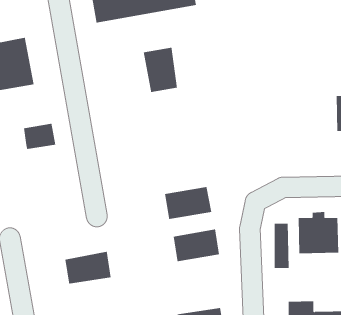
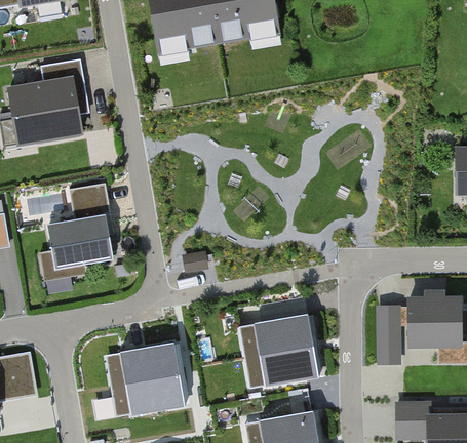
building: [143,47,178,93] -> none
building: none -> [45,213,113,269]
building: [164,186,212,219] -> [259,346,318,387]
building: none -> [125,374,184,415]

